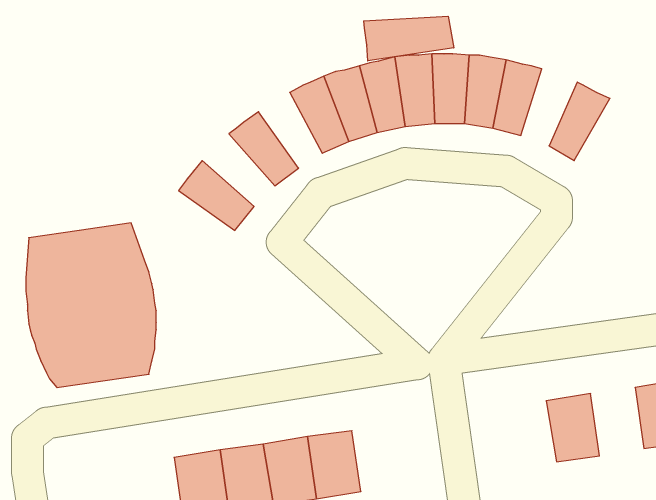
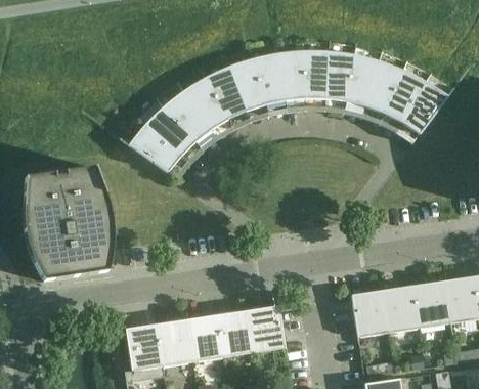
building: [364,16,454,61] -> none
building: none -> [364,60,403,114]
building: none -> [183,77,227,129]
building: none -> [401,81,447,134]
building: none -> [144,105,194,156]
building: none -> [412,280,449,328]
building: none -> [351,290,389,337]
building: none -> [248,305,286,352]

